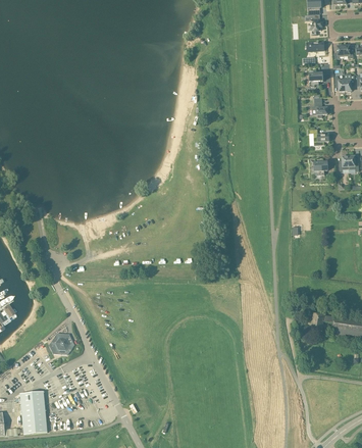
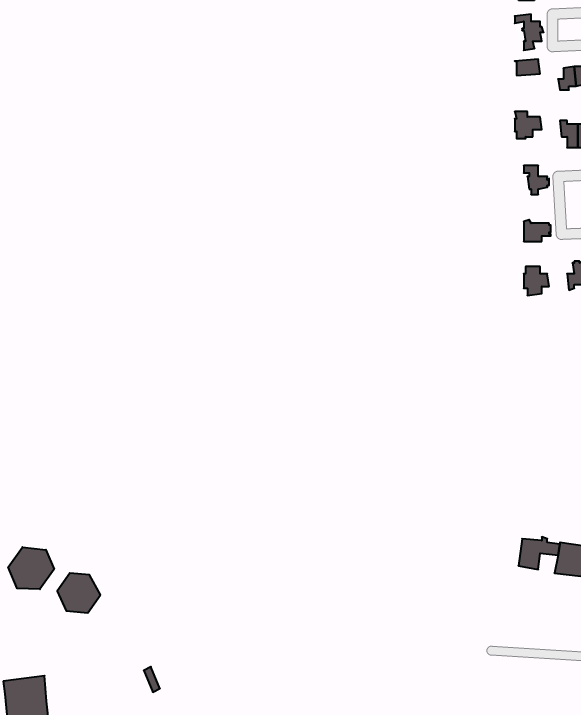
building: none -> [8,547,54,589]

